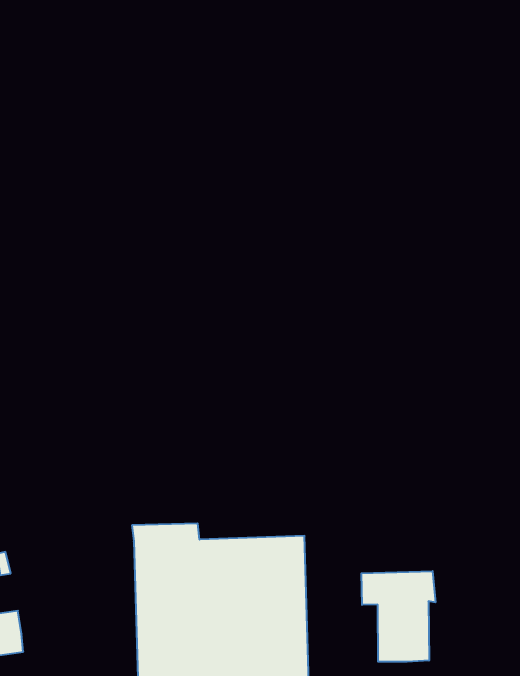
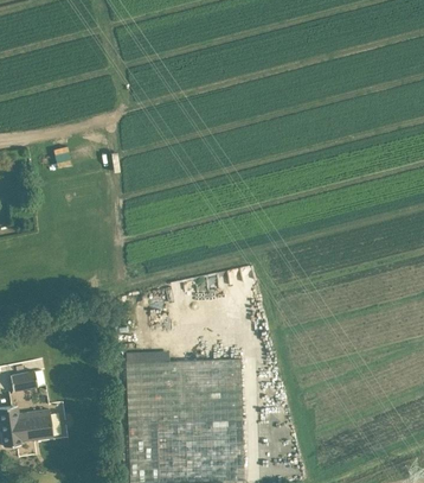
building: [361,571,435,662] -> none

